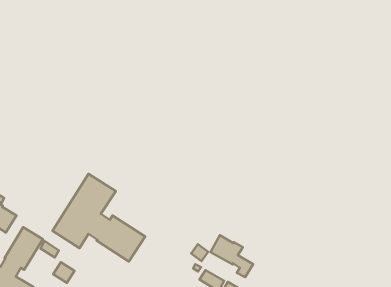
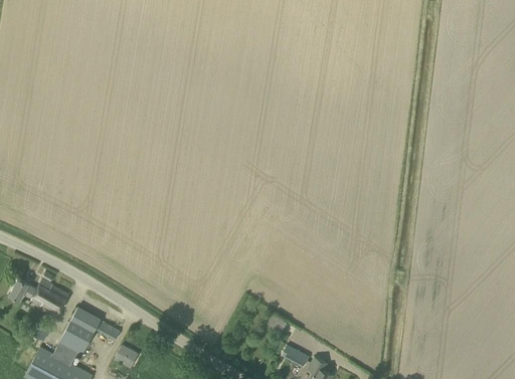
building: [52,174,145,261] -> none
building: [210,235,253,277] -> none

